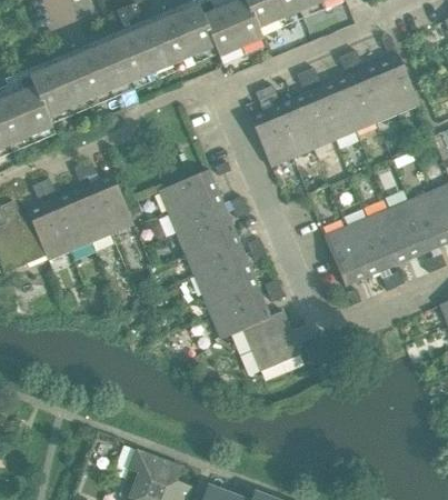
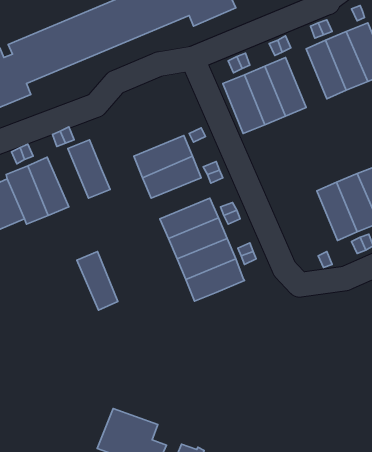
building: [313,80,356,140] -> none
building: [69,182,111,242] -> [77,252,118,310]
building: [176,212,236,254] -> none
building: [323,226,367,286] -> none
building: [242,310,313,371] -> none

